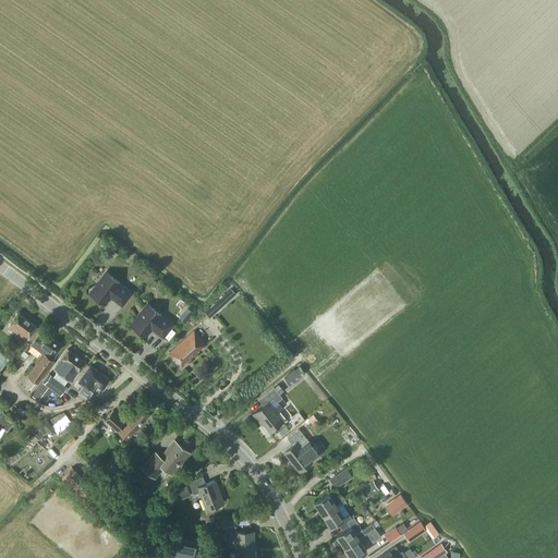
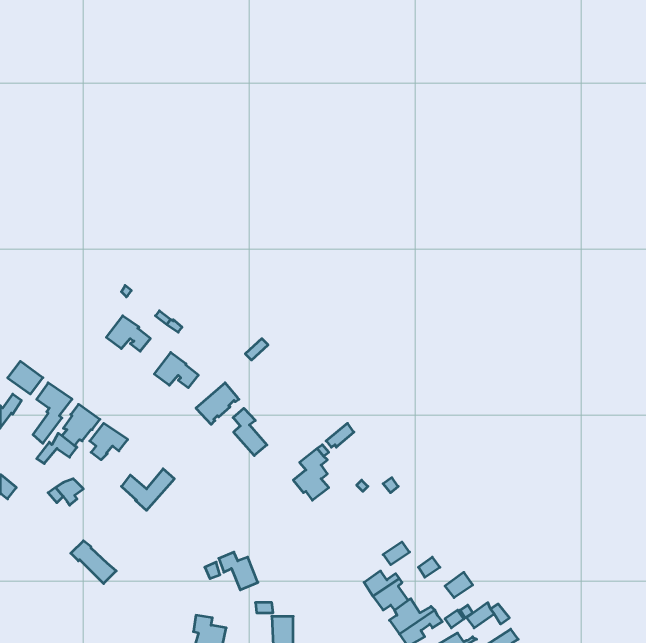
building: none -> [233,408,267,456]
building: [283,430,319,473] -> none
building: [143,442,187,478] -> none

